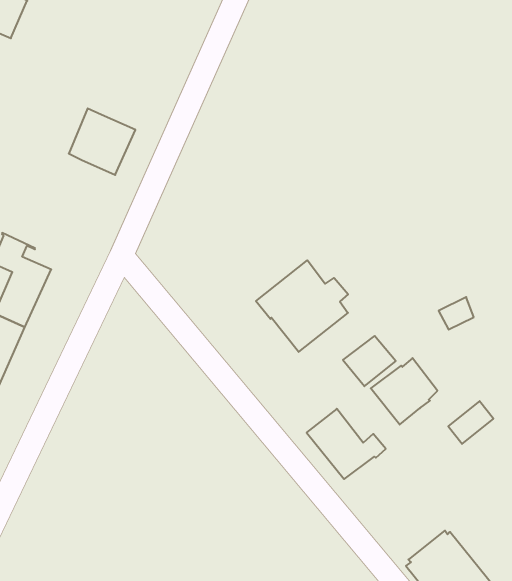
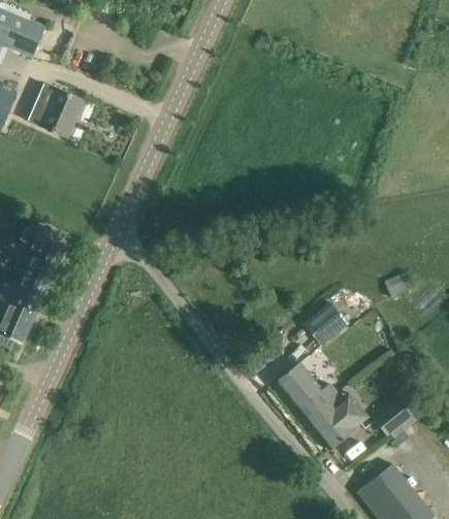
building: [69,108,135,175] -> [29,83,84,137]
building: [256,260,348,352] -> none
building: [371,358,437,425] -> [307,395,361,450]
building: [448,401,493,444] -> [376,399,413,434]

